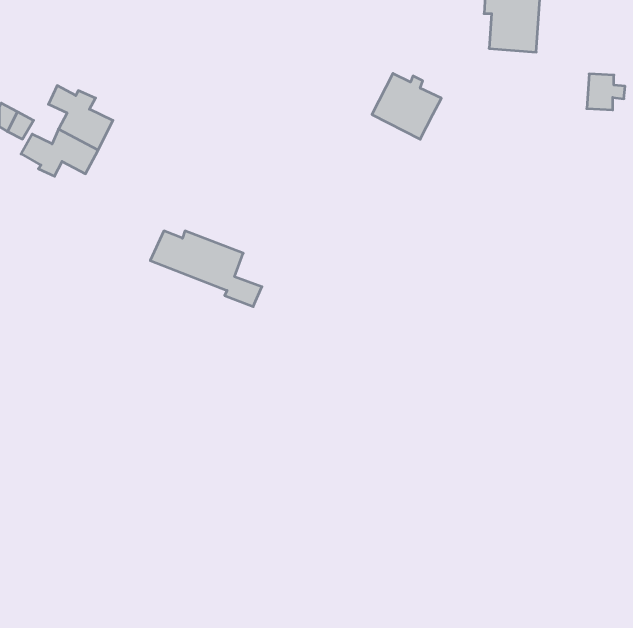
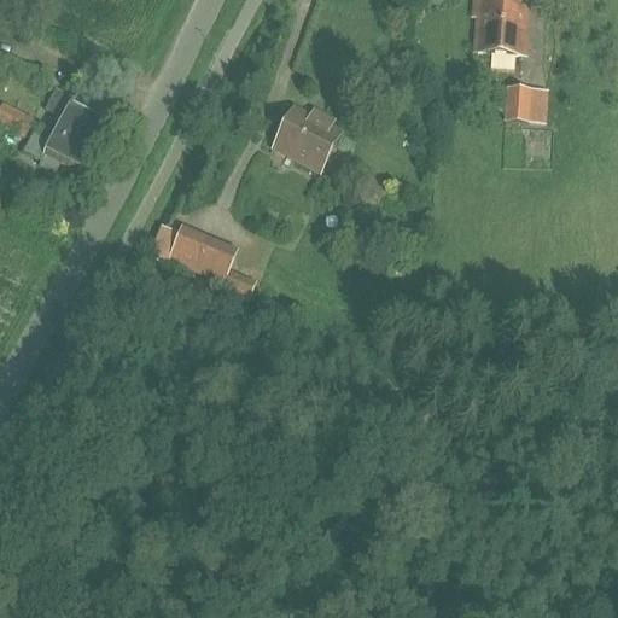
building: [372,73,441,139] -> [273,104,340,168]
building: [587,74,625,110] -> [503,86,541,121]

